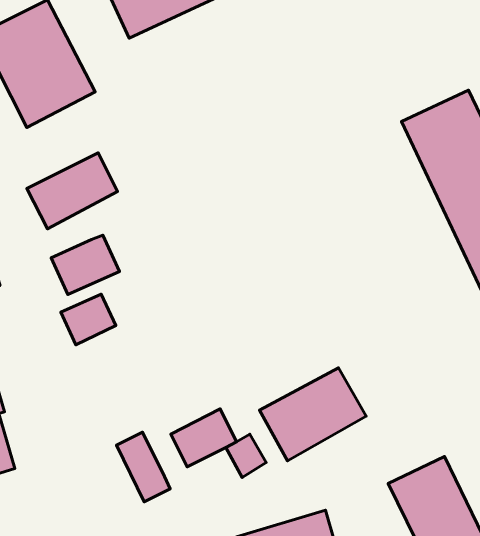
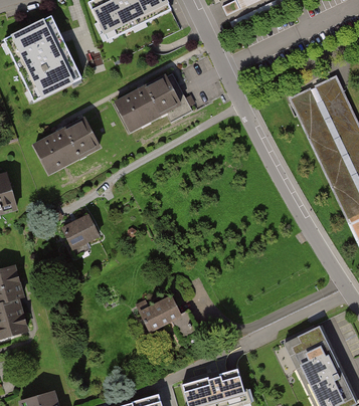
building: none -> [117,75,179,130]
building: [51,235,119,294] -> none
building: [259,368,366,461] -> none
building: [116,432,170,502] -> none

